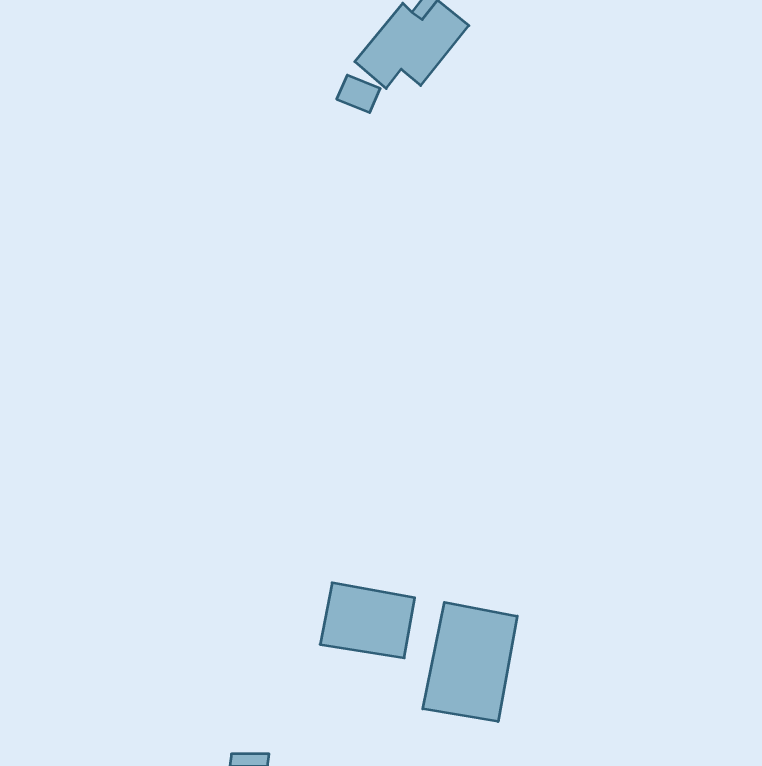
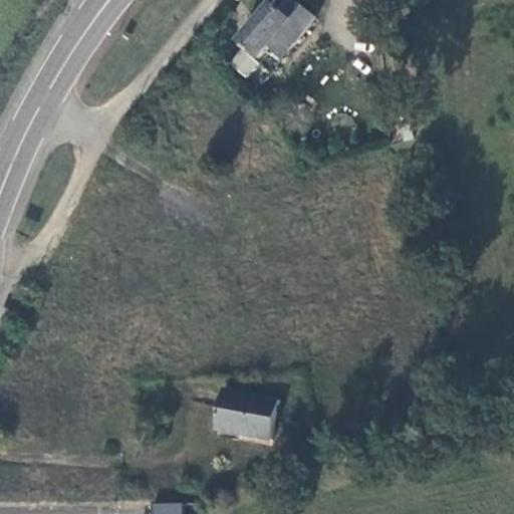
building: [423,602,517,722] -> none

